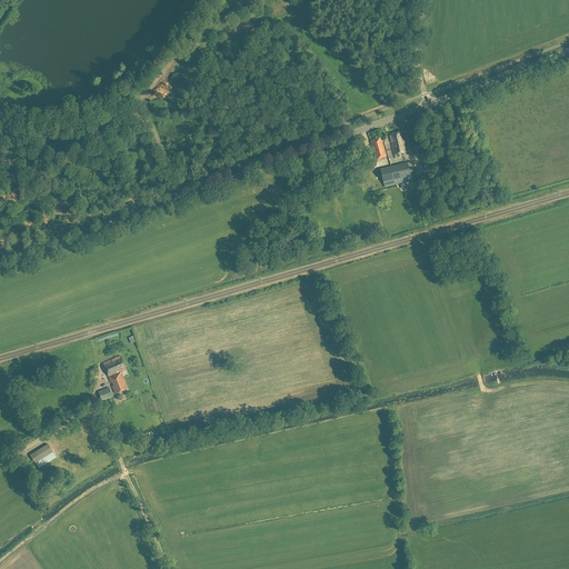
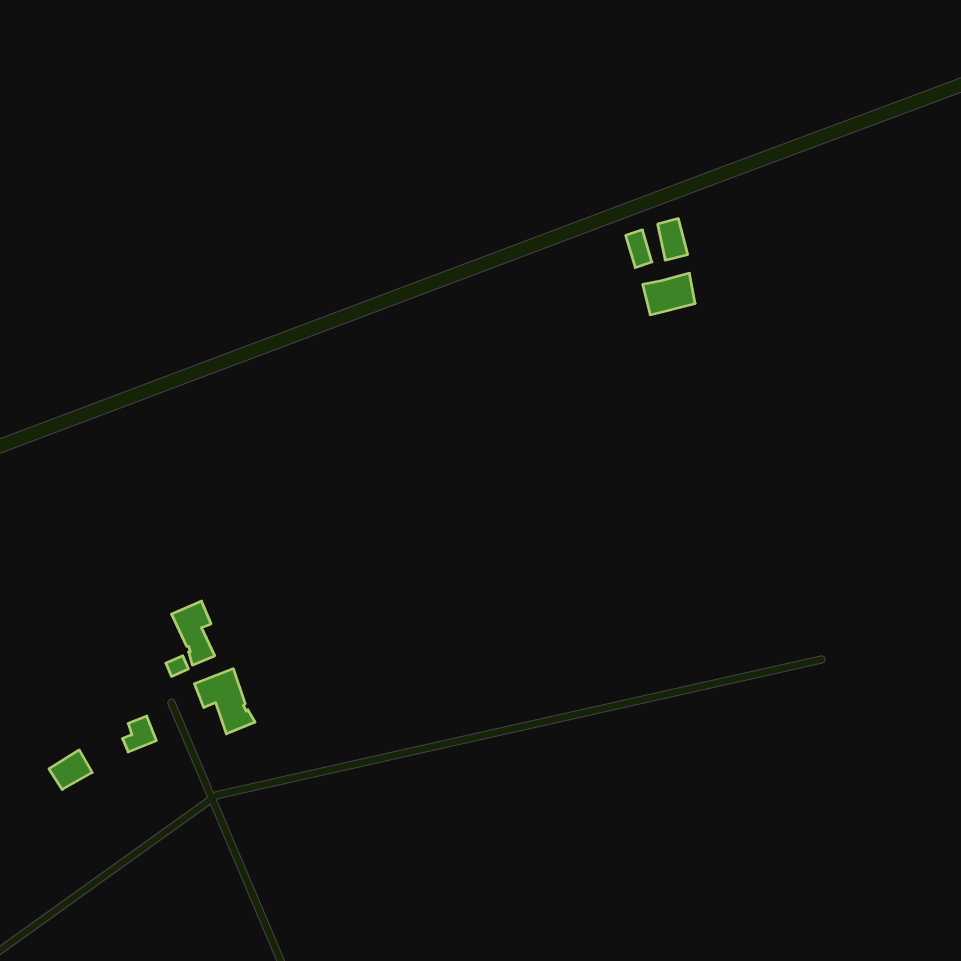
building: none -> [194,669,255,734]

